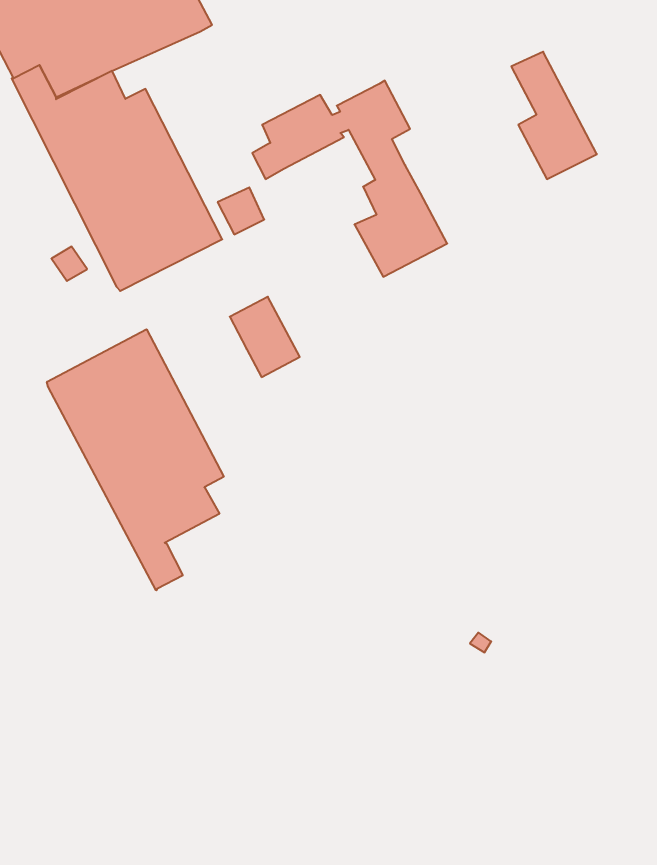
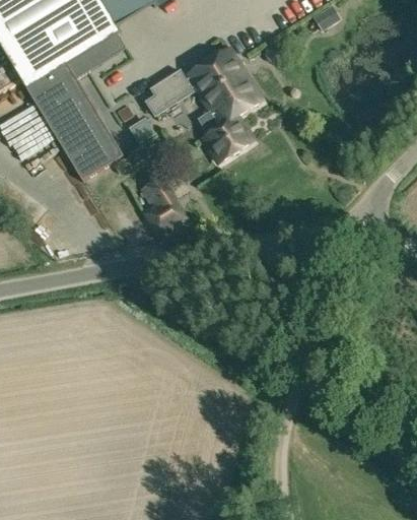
building: none -> [69,39,121,77]
building: [511,52,597,179] -> [213,48,262,115]
building: [47,329,224,590] -> none

